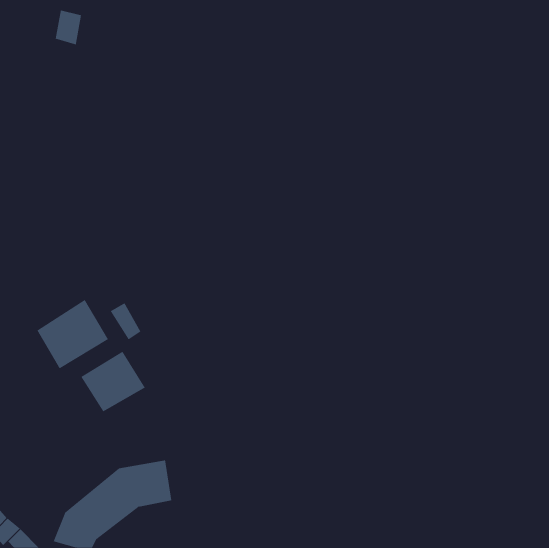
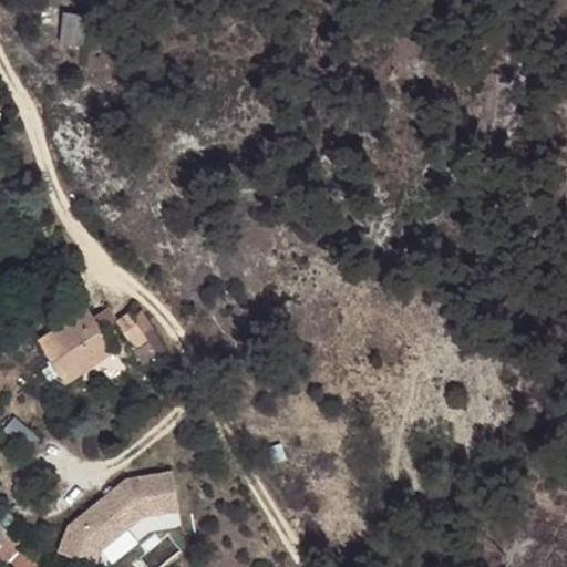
building: [80,351,146,412] -> none

